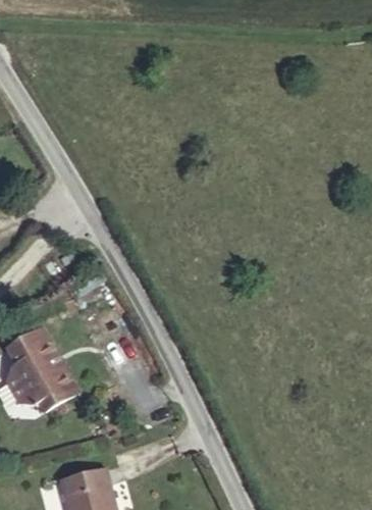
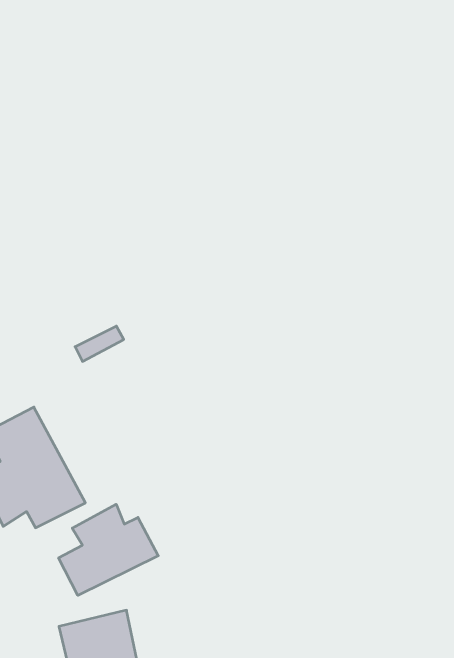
building: none -> [59,504,158,595]

